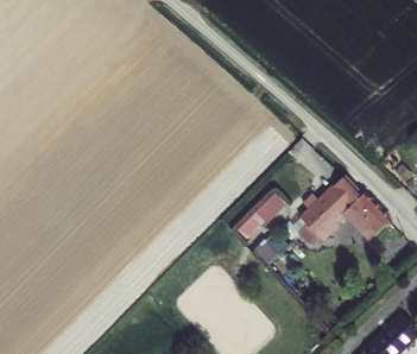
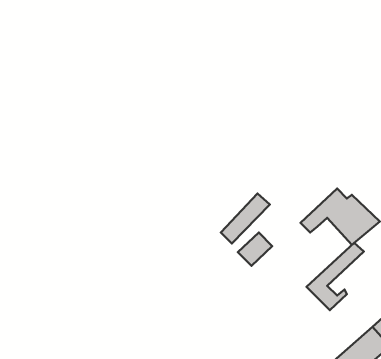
building: [296,179,352,245] -> [306,243,364,310]

